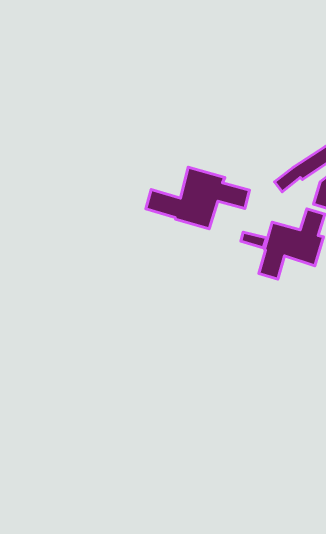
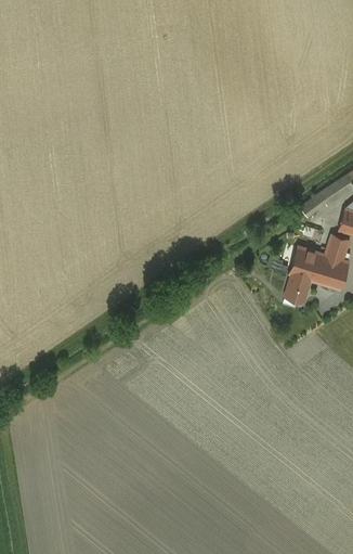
building: [146,167,250,229] -> none

